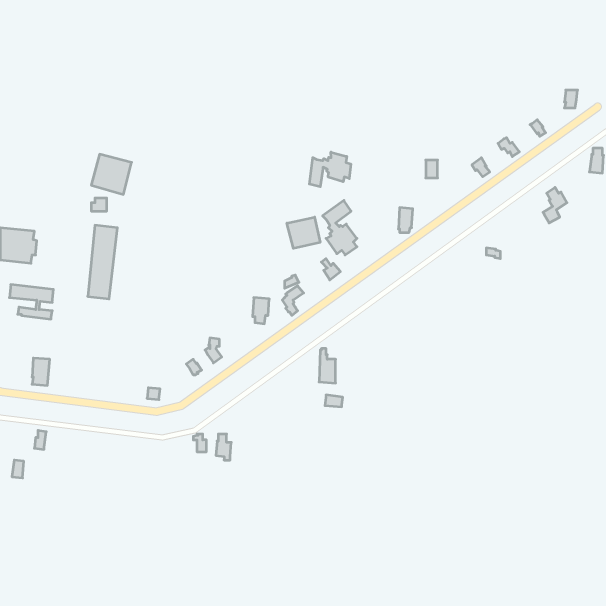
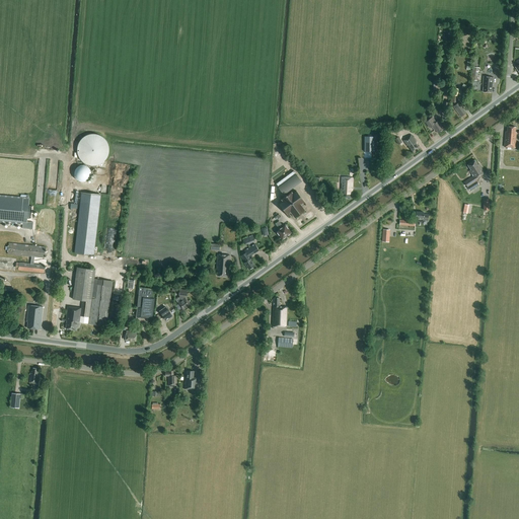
building: [309,152,351,187] -> none
building: [287,217,320,248] -> none
building: none -> [66,268,113,330]
building: none -> [136,288,153,319]

